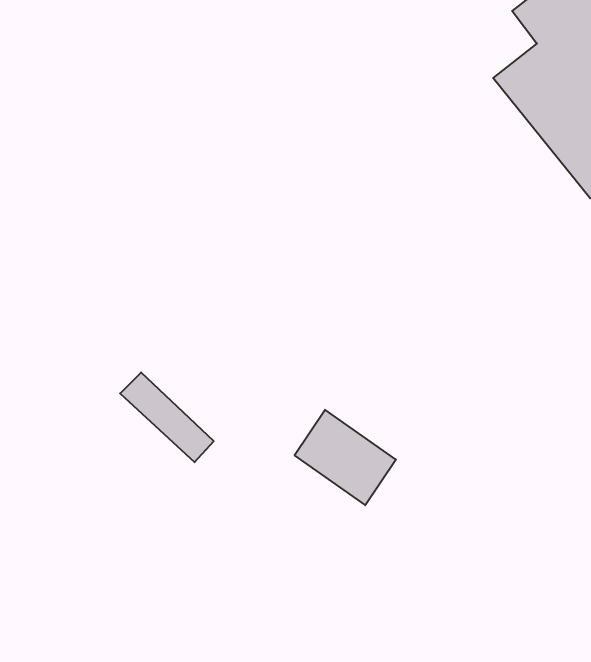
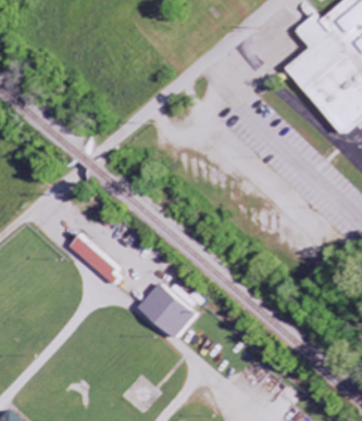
building: [295,410,396,505] -> [139,283,197,337]

